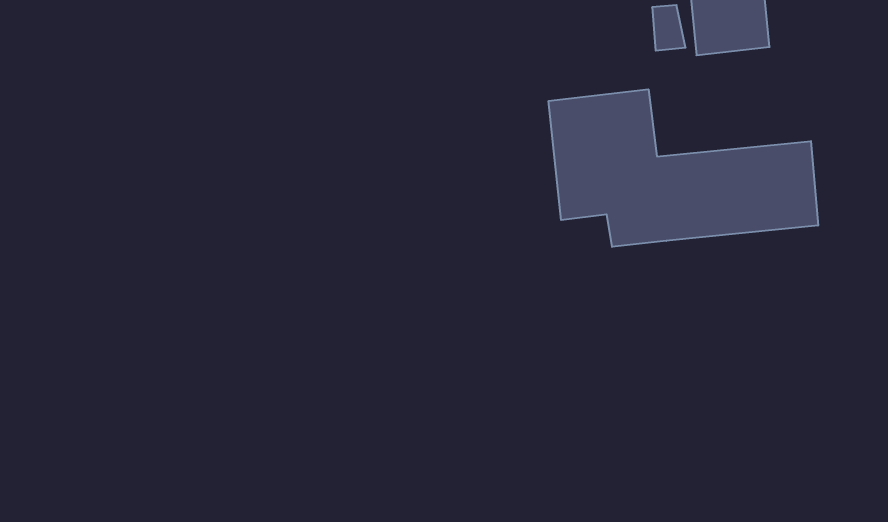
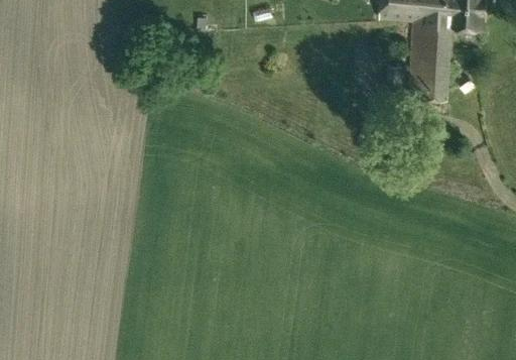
building: [549,89,818,247] -> none

